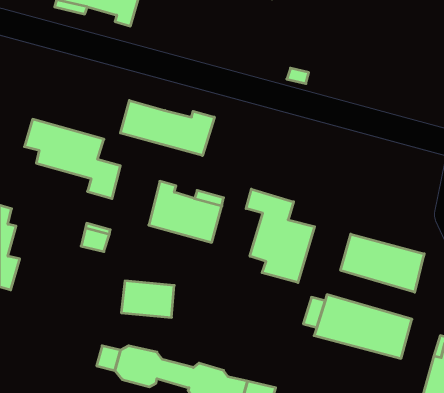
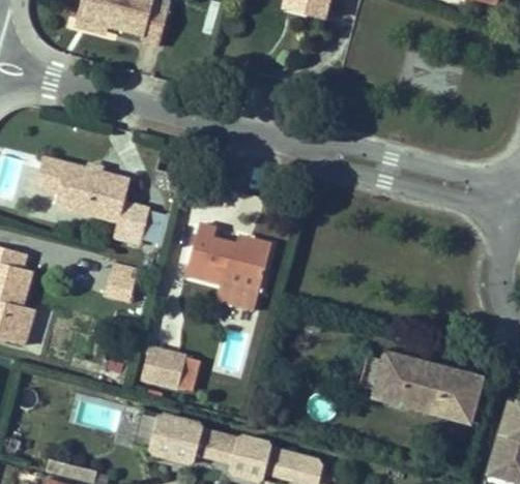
building: [120,100,214,156] -> none
building: [246,189,315,283] -> none
building: [341,234,424,292] -> none

